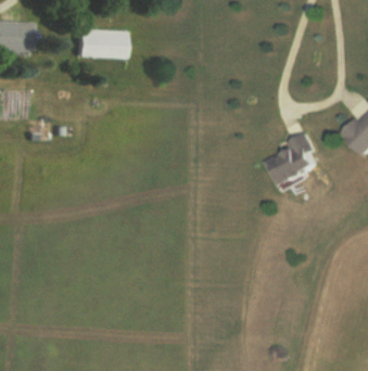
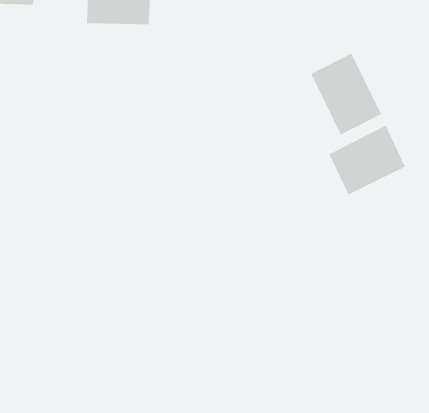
building: none -> [310,53,382,135]

